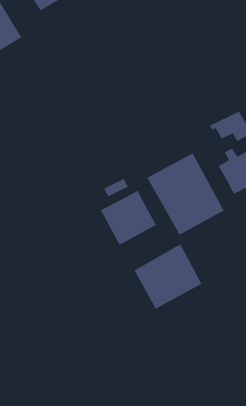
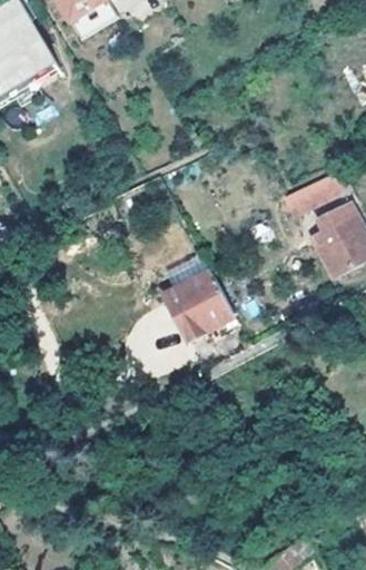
building: [147,153,225,235] -> none
building: [134,244,202,310] -> none

